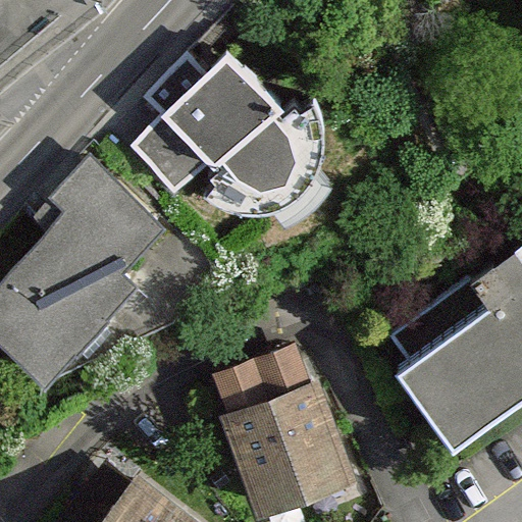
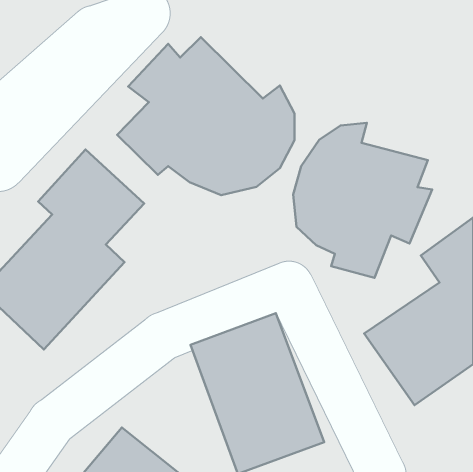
building: none -> [293,123,432,278]

